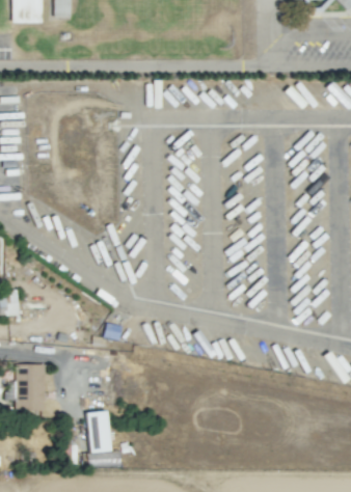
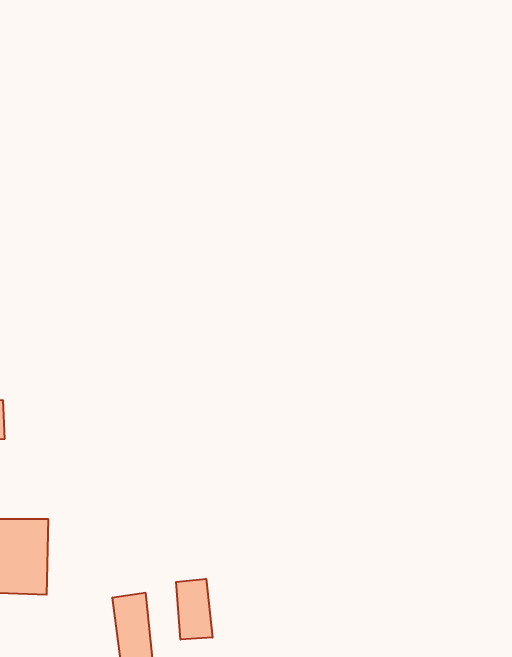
building: none -> [176,579,212,640]

